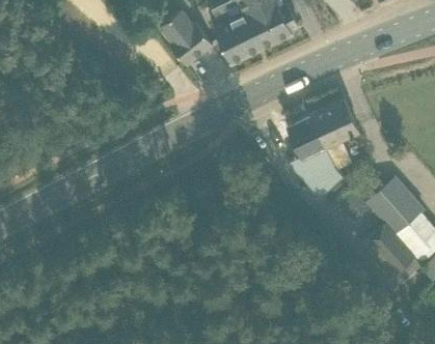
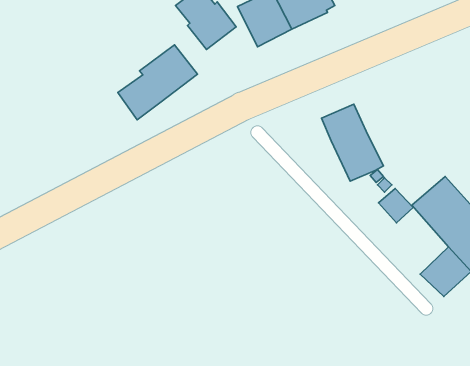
building: none -> [118,45,197,120]
building: [315,99,358,167] -> none

